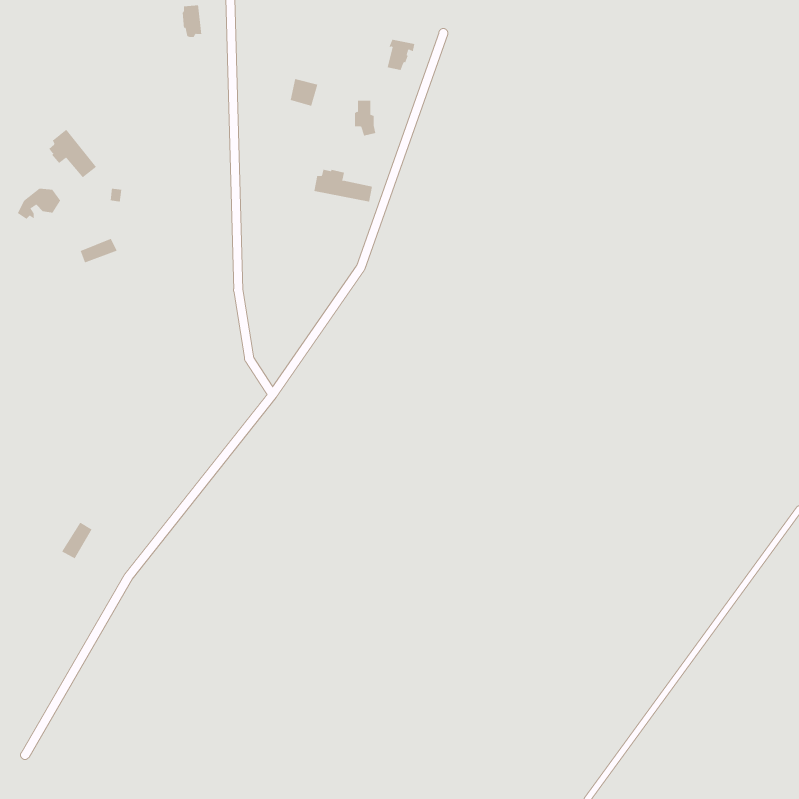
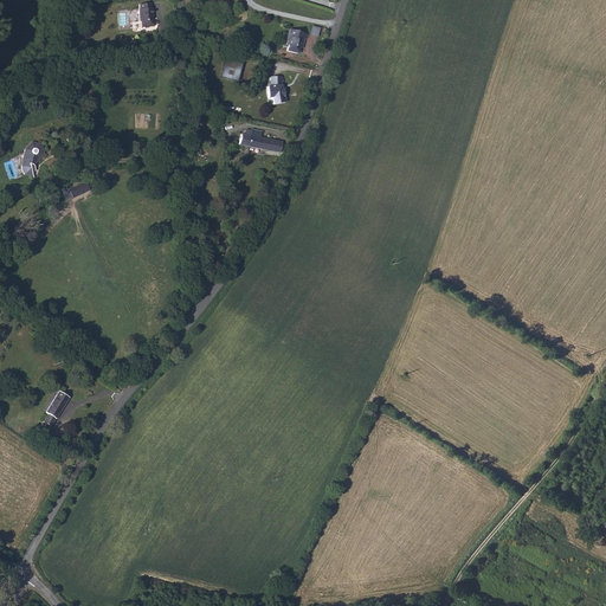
building: [48,129,97,178] -> none

